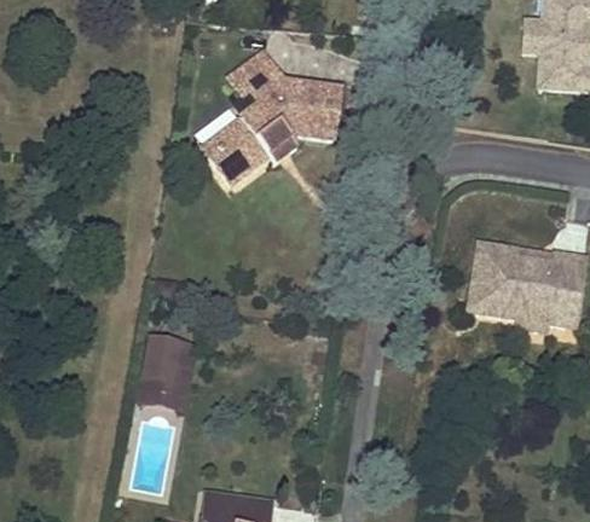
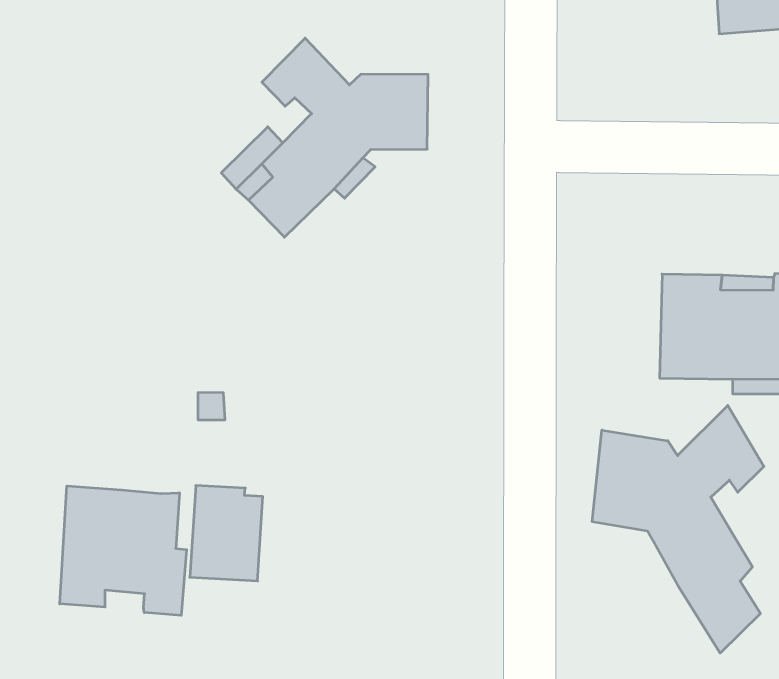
building: none -> [60,486,187,615]
building: none -> [592,405,764,653]

